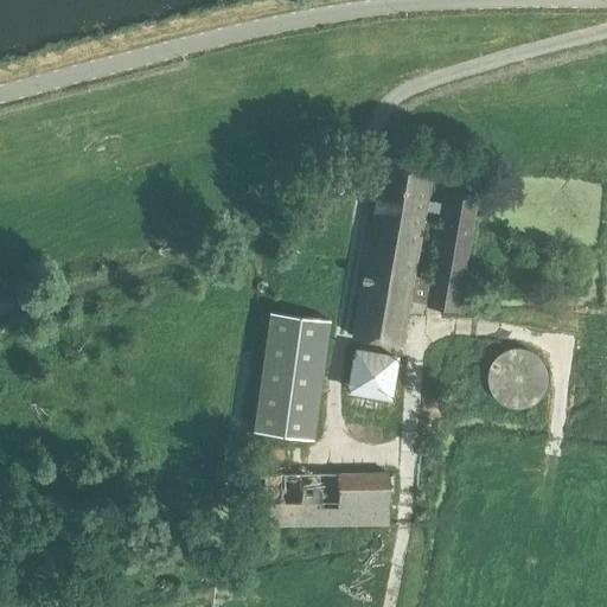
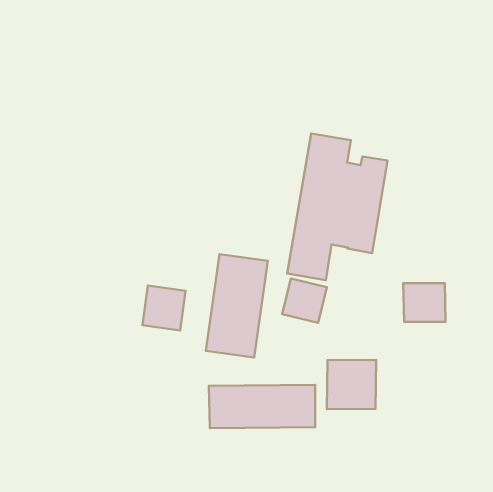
building: none -> [142,286,186,330]
building: none -> [327,360,376,409]

